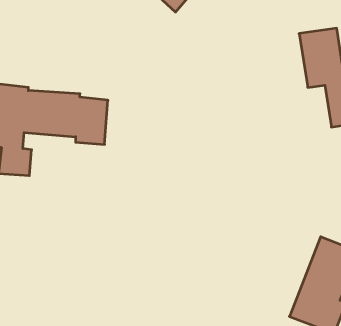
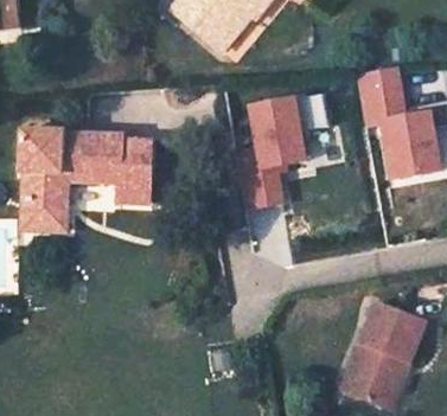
building: none -> [238,90,334,211]

